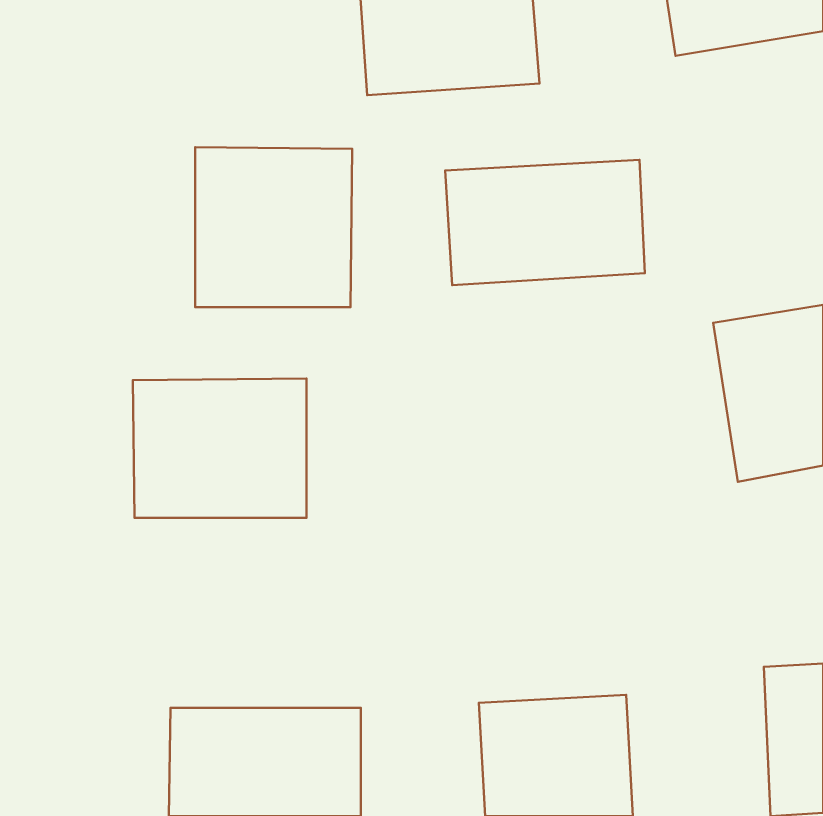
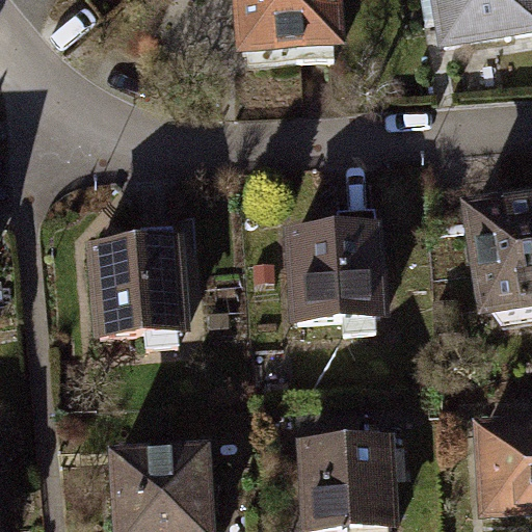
building: [195,147,352,307] -> none
building: [445,160,645,285] -> none
building: none -> [285,228,392,318]

